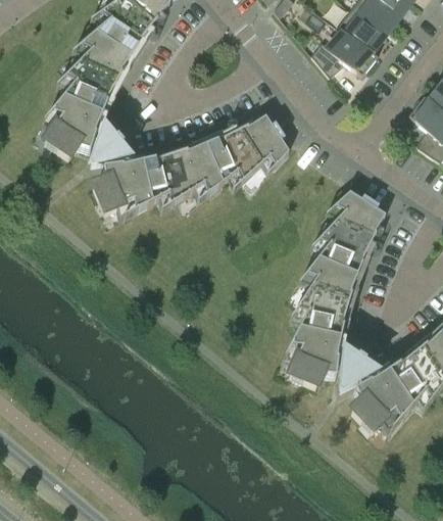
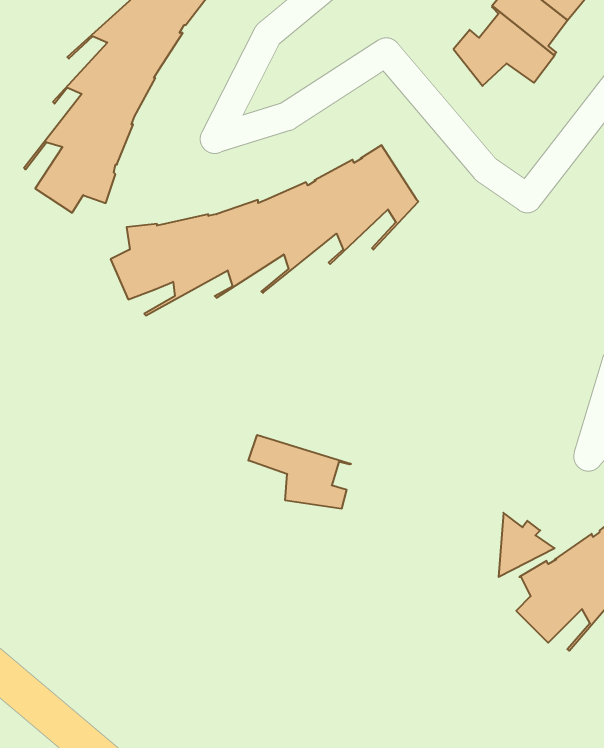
building: [90,126,130,163] -> none
building: [280,189,385,385] -> none
building: none -> [248,435,351,509]

